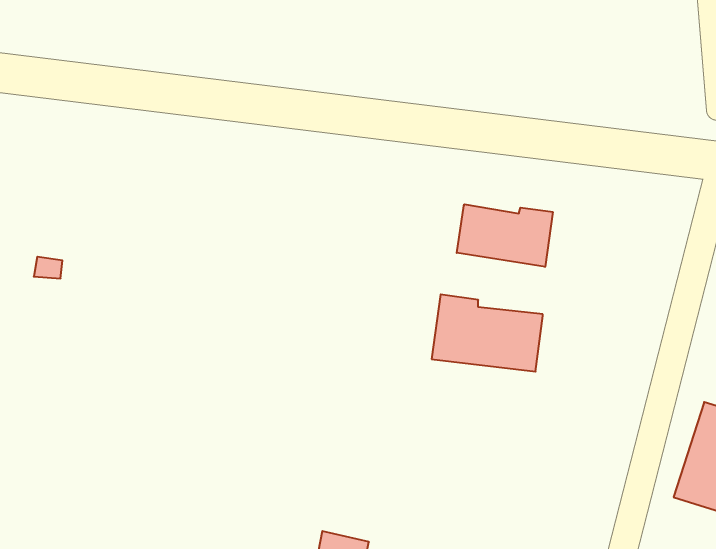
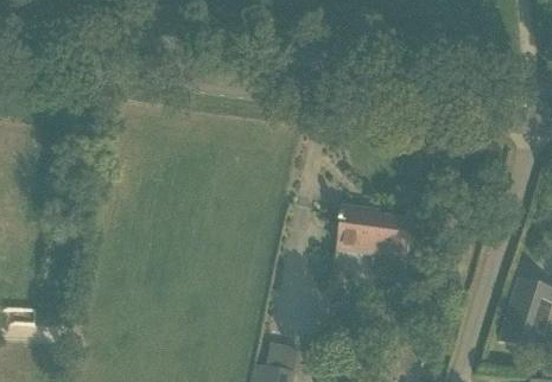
building: [457,204,553,267] -> none

